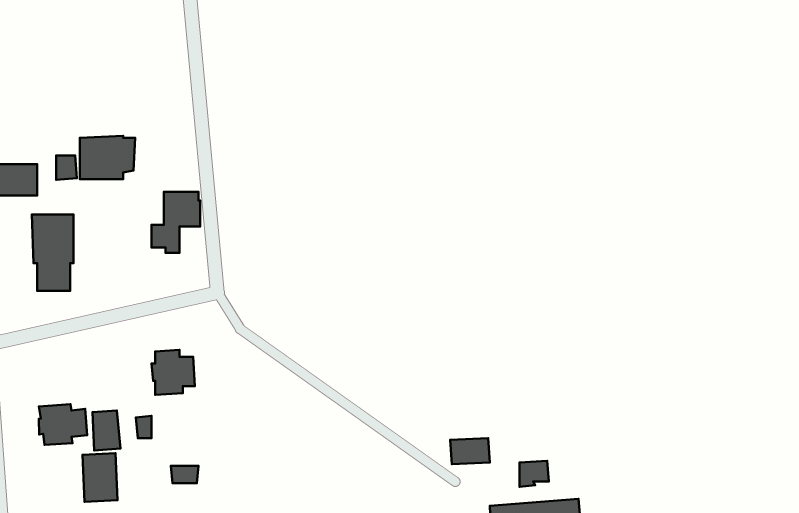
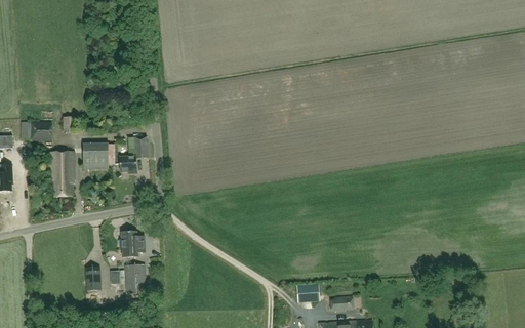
building: [80,136,135,179] -> [83,142,116,168]
building: [39,404,87,445] -> none
building: [83,453,117,502] -> [125,264,146,293]

